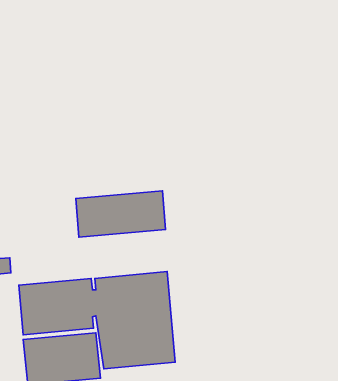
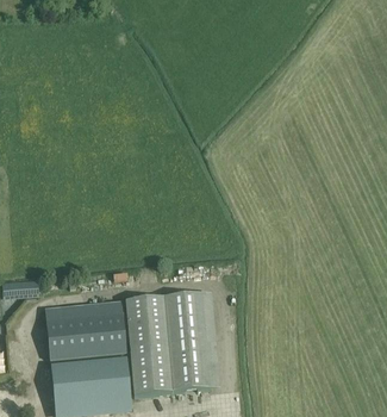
building: [76,191,166,237] -> none

